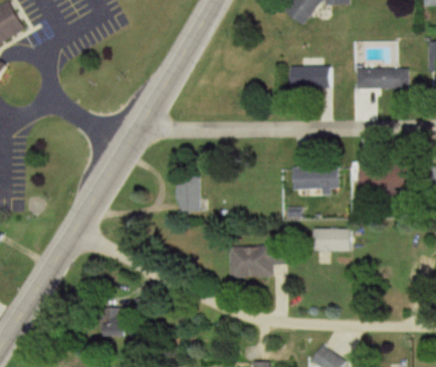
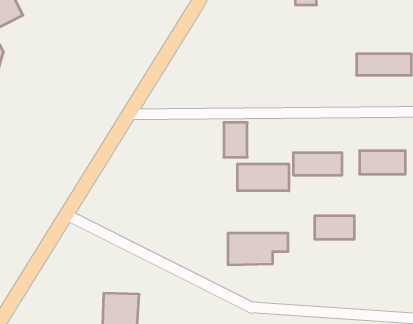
building: [286,67,331,90] -> none
building: none -> [238,164,289,191]
building: [175,177,198,212] -> [224,123,247,157]

